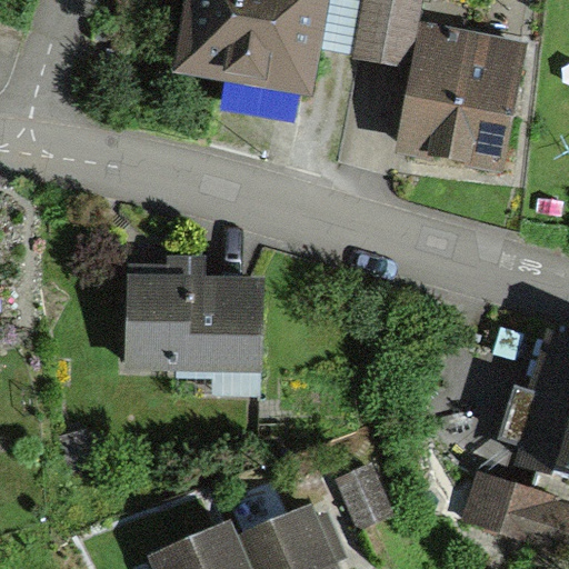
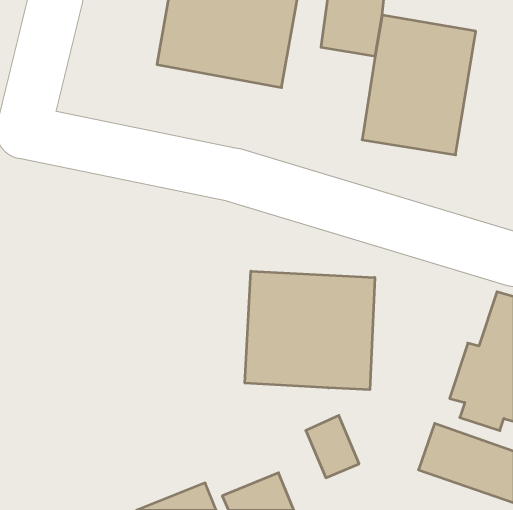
building: [117,287,250,373] -> none
building: none -> [245,271,375,390]

